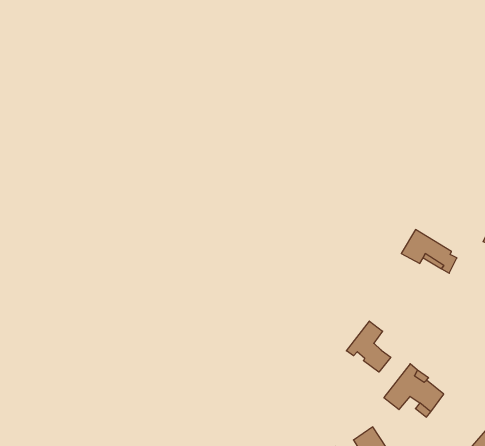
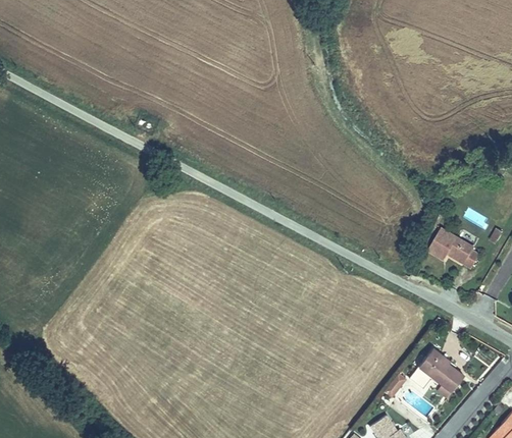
building: [346,321,391,372] -> none

